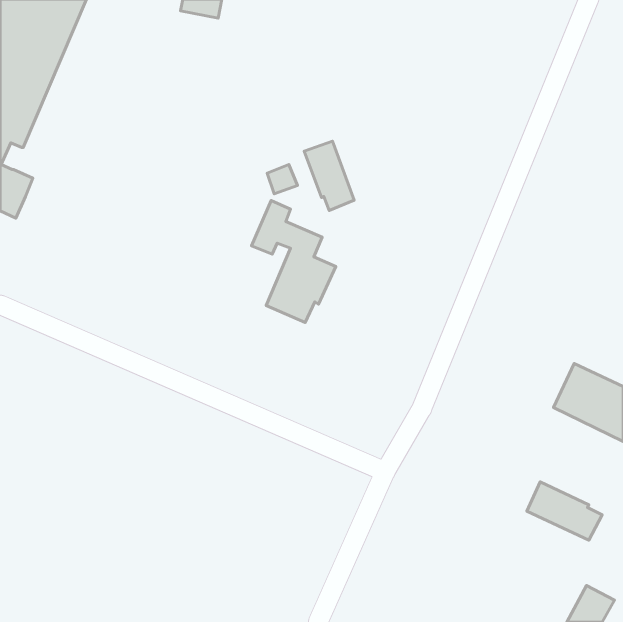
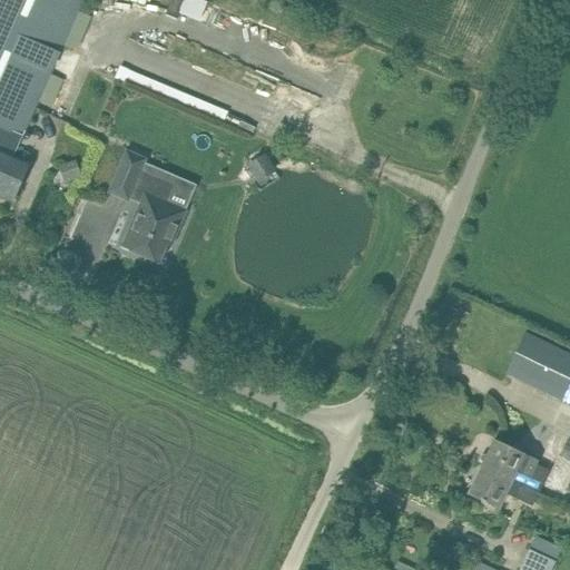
building: [304,141,354,211] -> none
building: [252,201,336,323] -> [109,150,186,262]
building: none -> [469,466,538,508]

